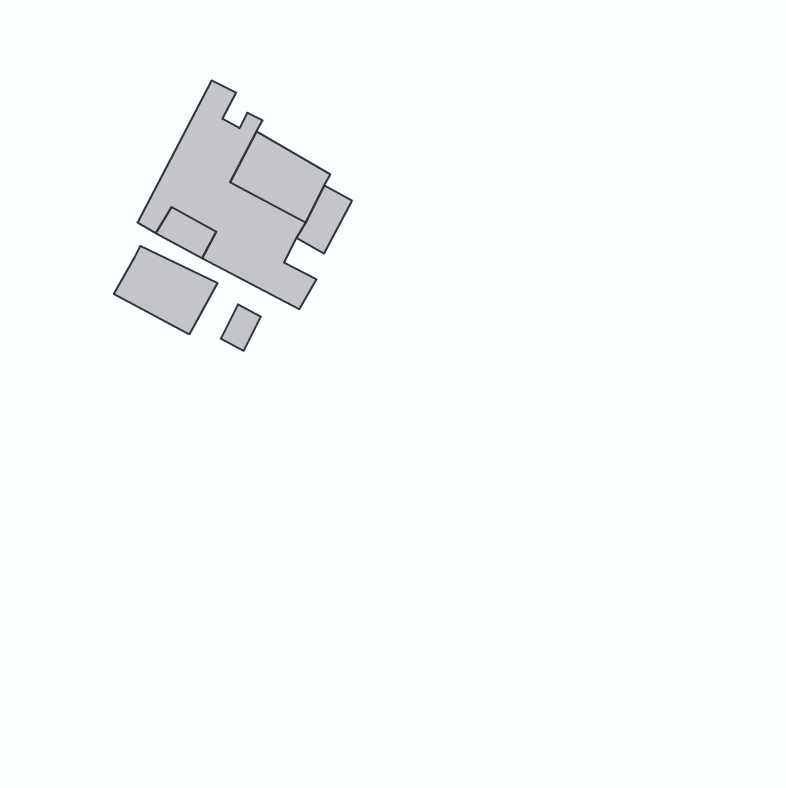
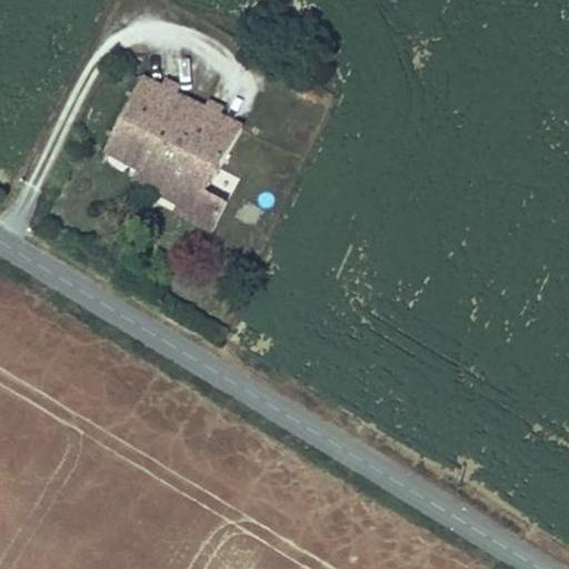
building: [114,246,217,334] -> none

